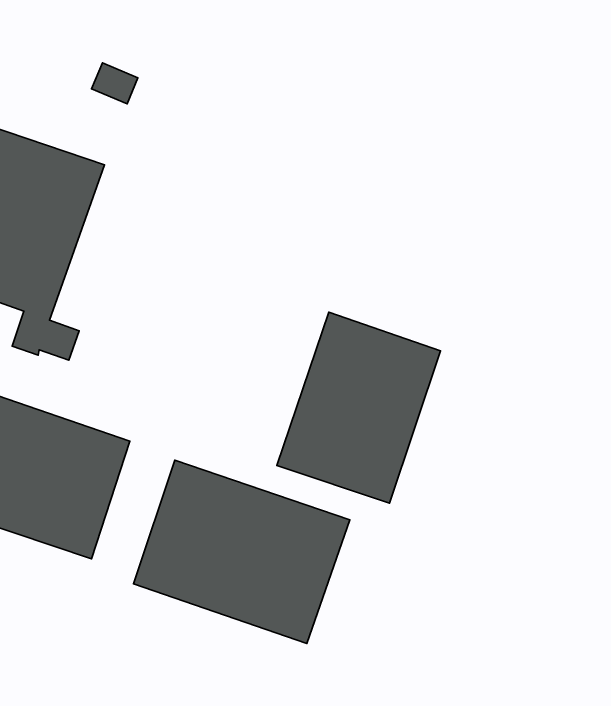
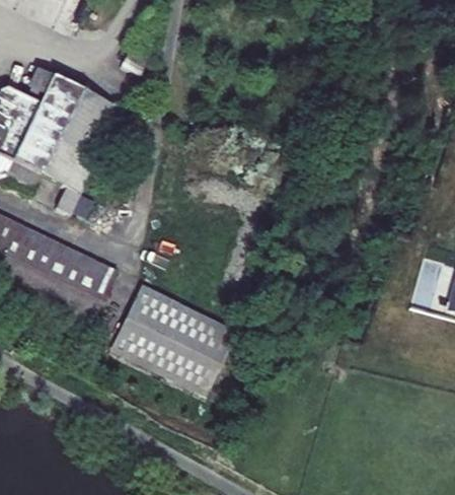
building: [277,312,441,503] -> none

